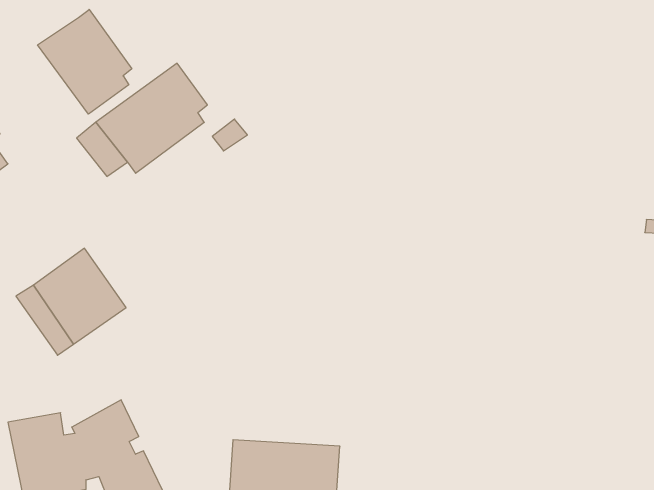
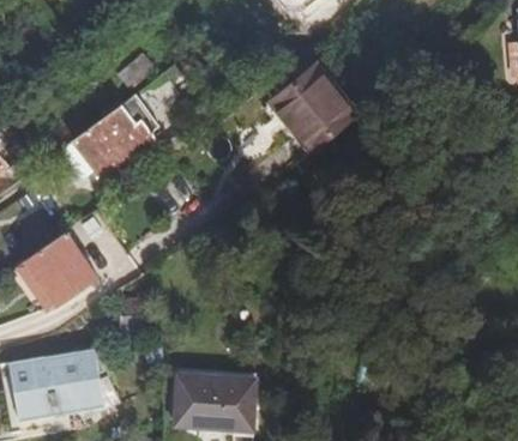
building: [38,9,132,114] -> none
building: none -> [271,70,353,152]

